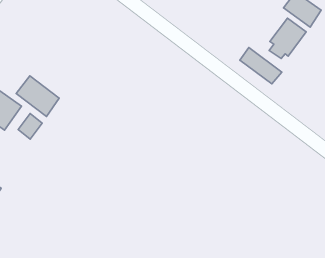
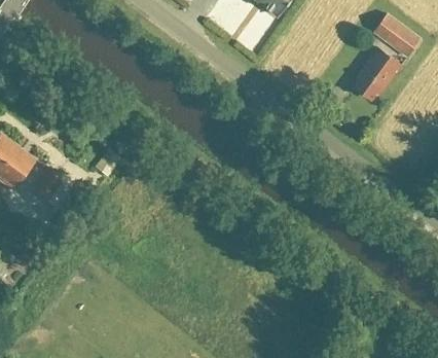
building: [240,48,282,84] -> none
building: [16,76,59,117] -> none

